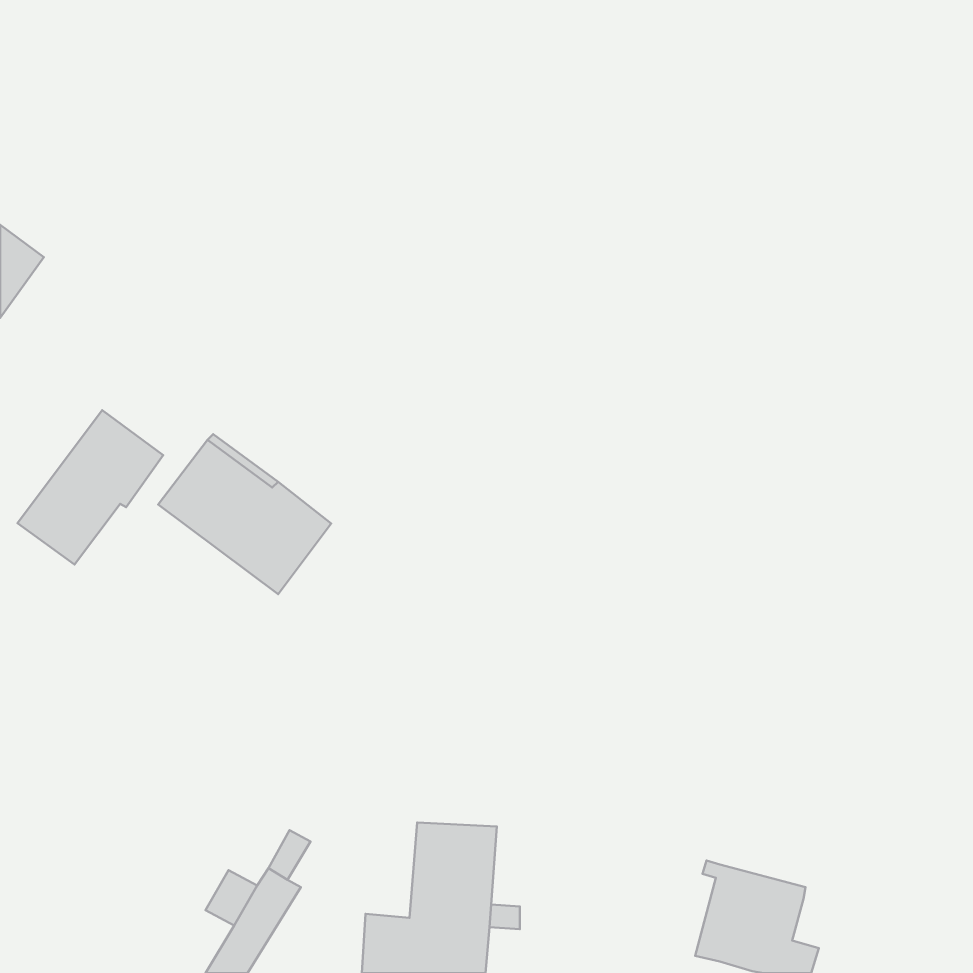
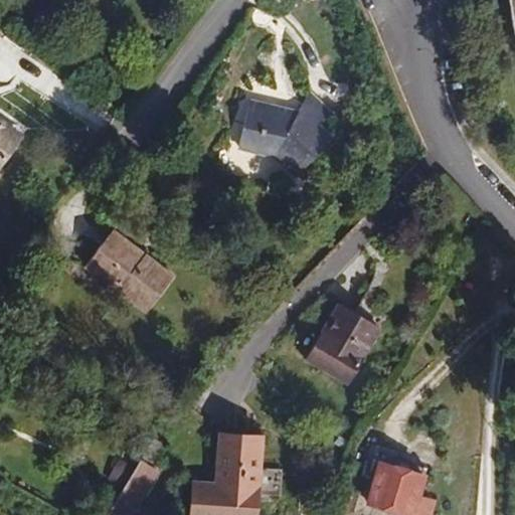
building: none -> [238,93,331,176]
building: [18,410,163,564] -> none
building: none -> [308,306,379,383]

